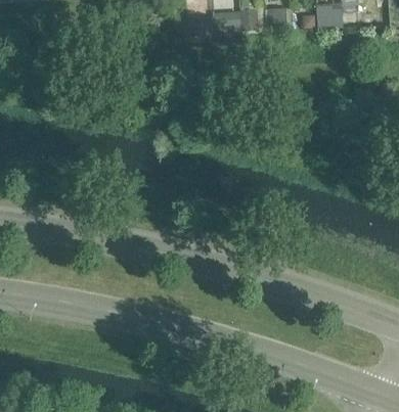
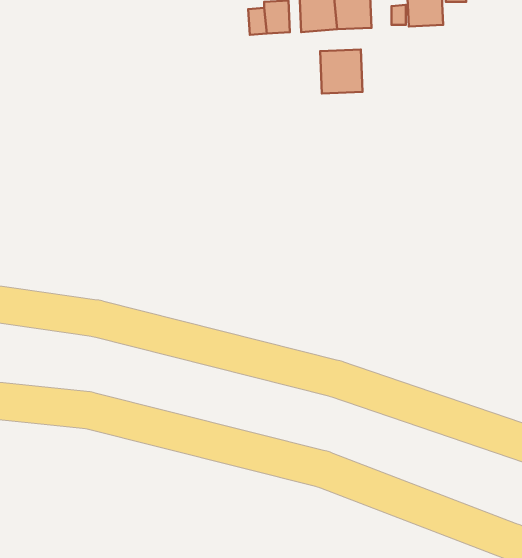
building: none -> [320,50,363,94]

